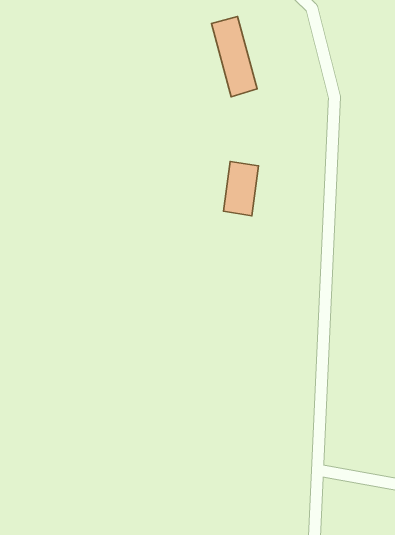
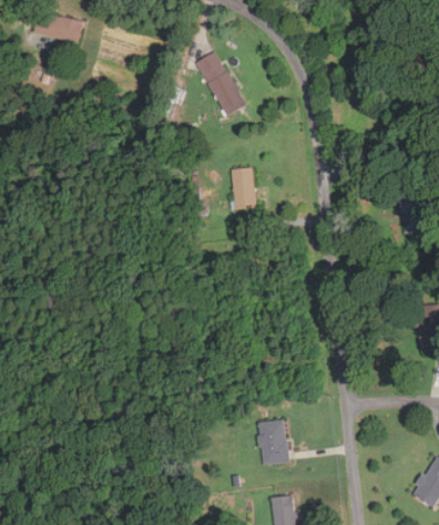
building: none -> [259,420,287,464]

